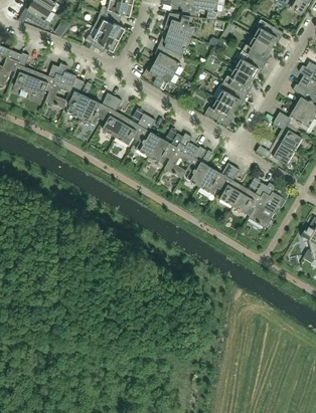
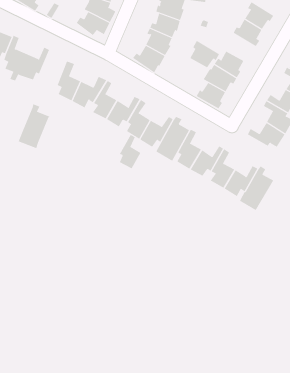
building: [234,50,265,78] -> [190,40,220,68]
building: [44,63,76,109] -> [18,103,50,149]
building: none -> [119,134,141,169]

